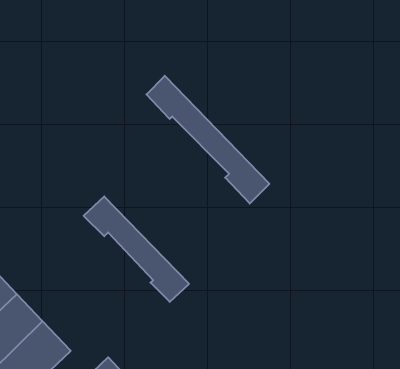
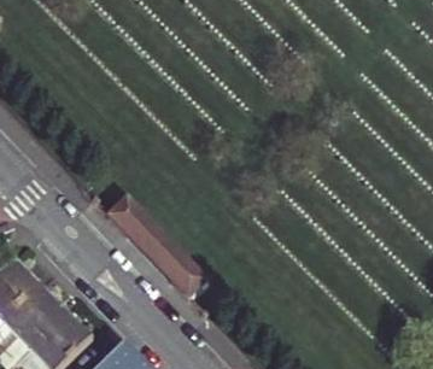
building: [146,76,269,204] -> none

